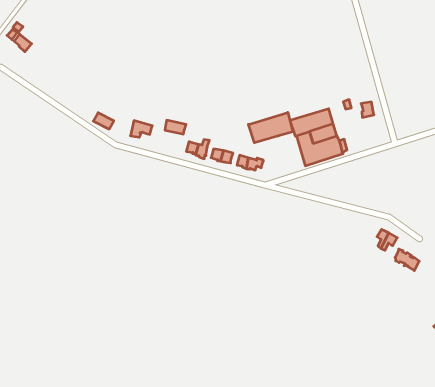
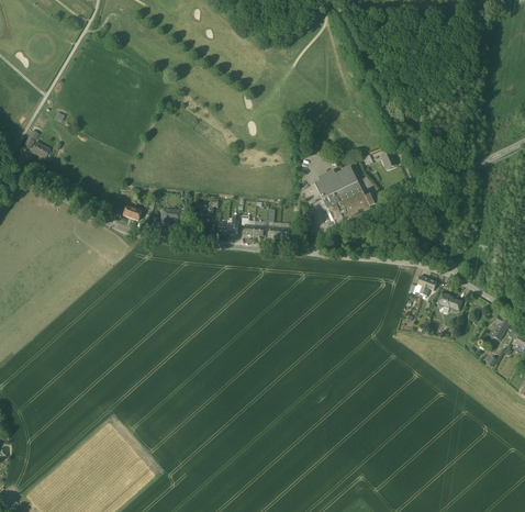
building: [248,112,293,143] -> none

